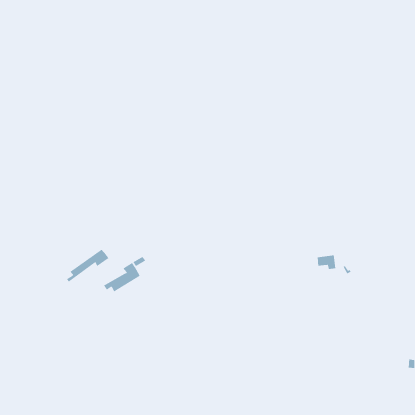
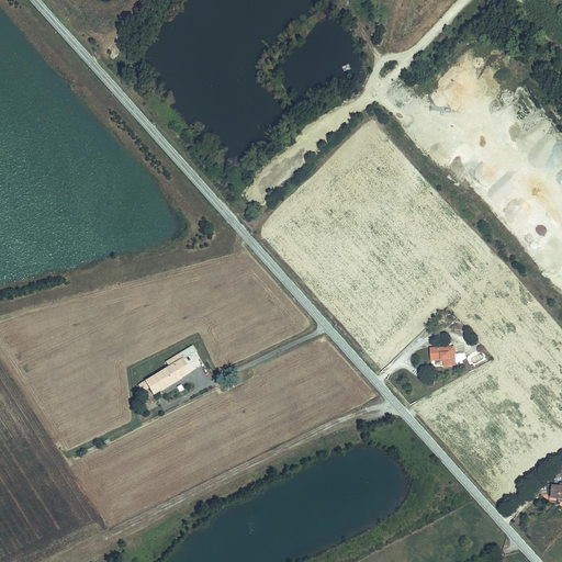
building: [66,249,109,283] -> none

